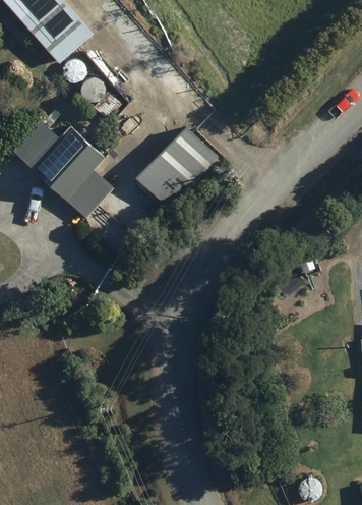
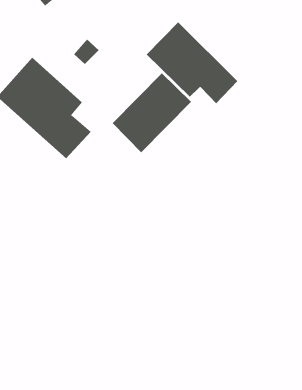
building: none -> [146,22,238,104]

